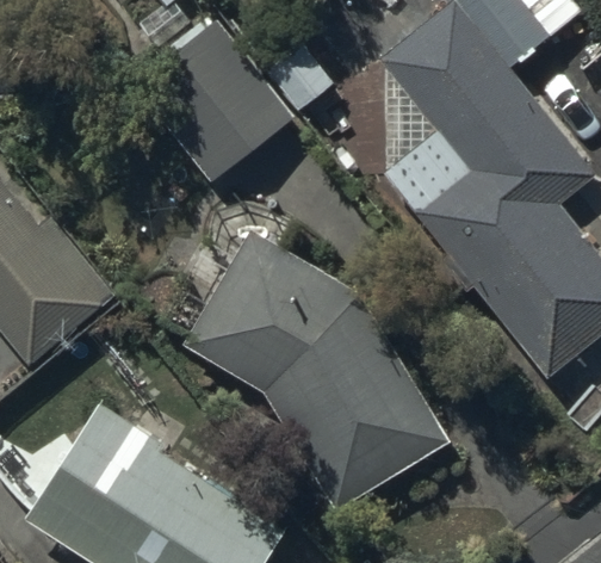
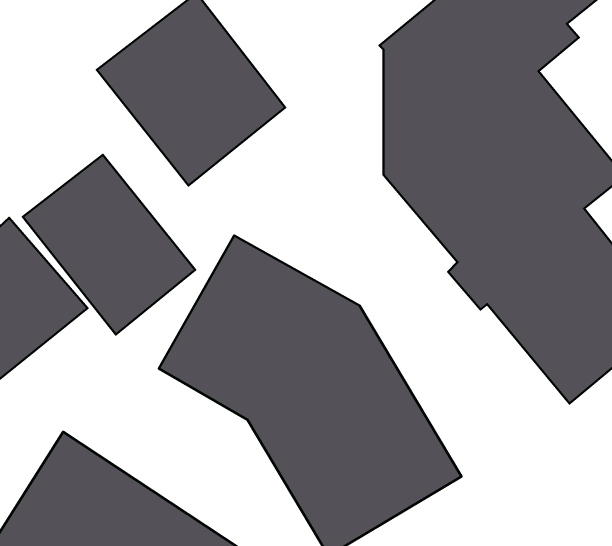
building: none -> [23,155,195,335]

